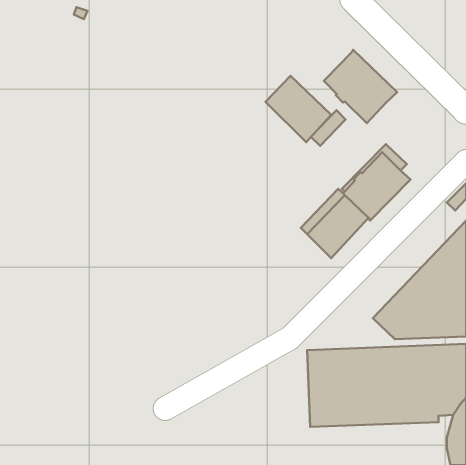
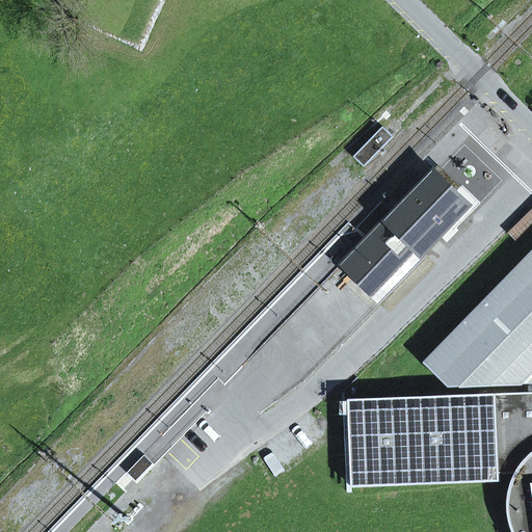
building: [324,50,397,123] -> none
building: [265,76,331,142] -> none

